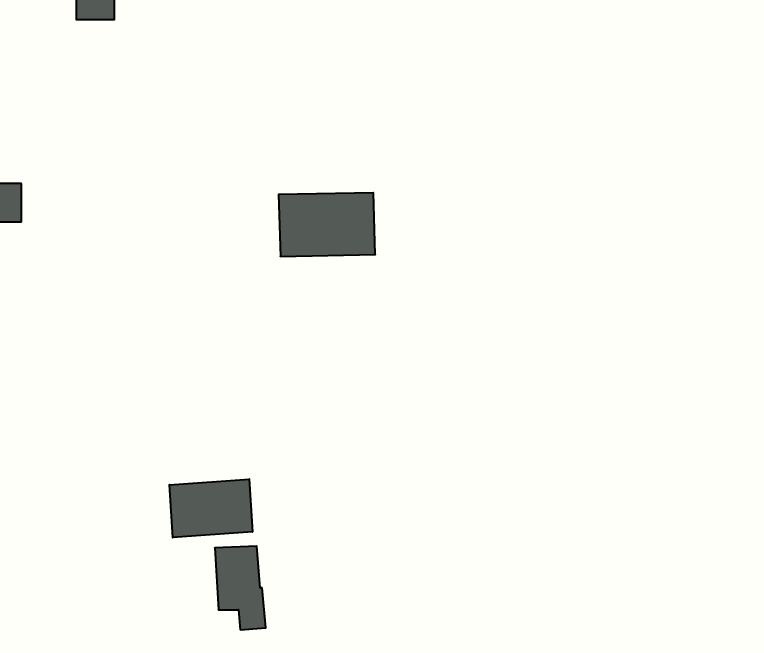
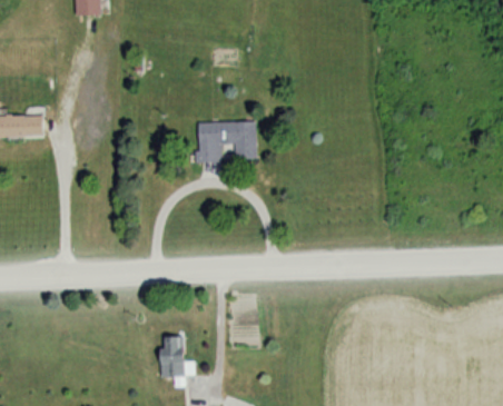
building: [169,479,252,538] -> none

